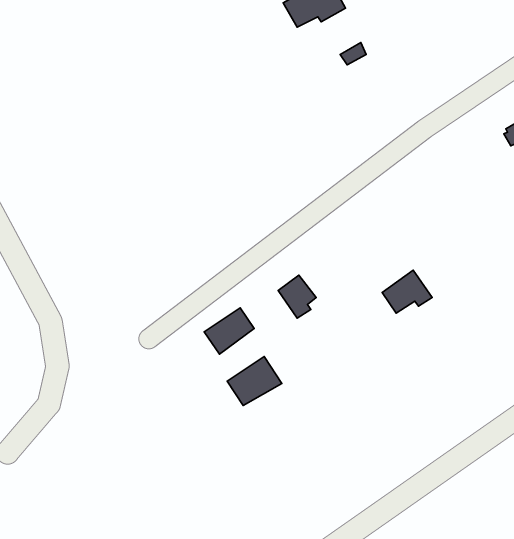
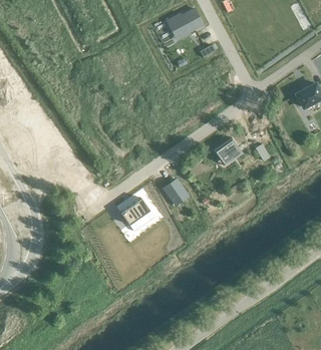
building: [382,270,432,313] -> [214,137,243,162]
building: [227,357,282,406] -> none

